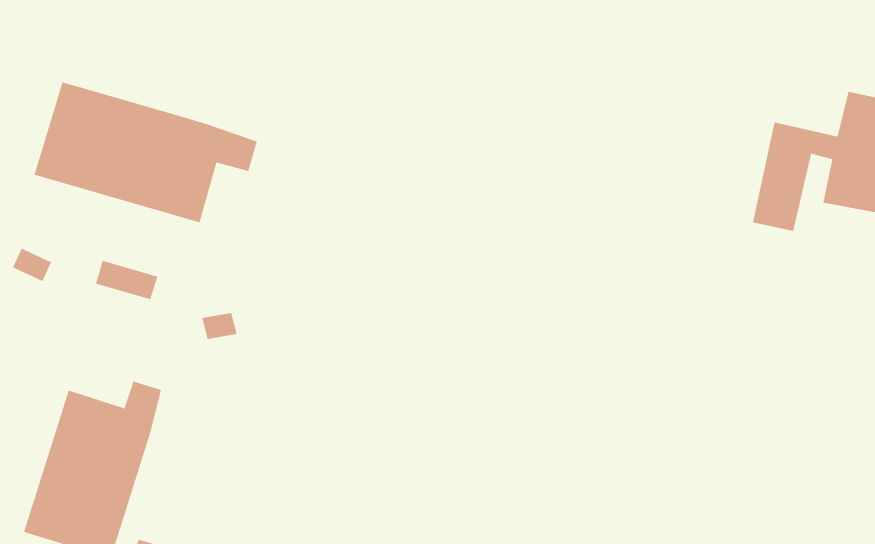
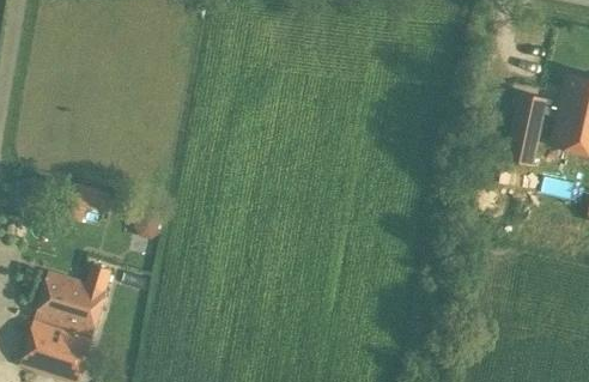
building: [34,81,257,223] -> none

